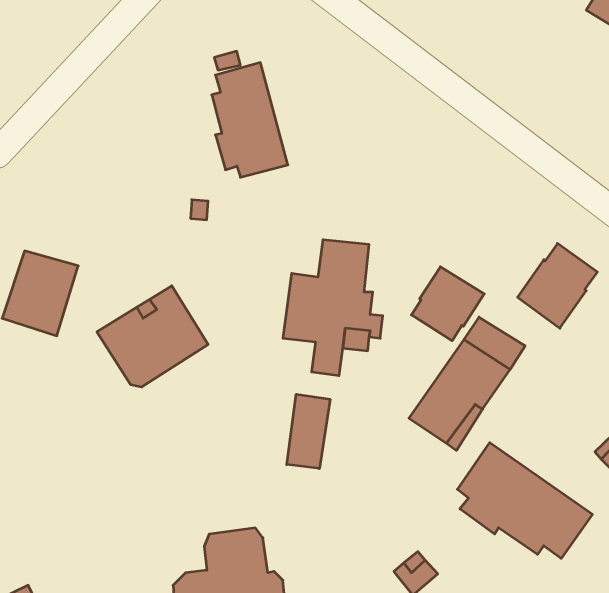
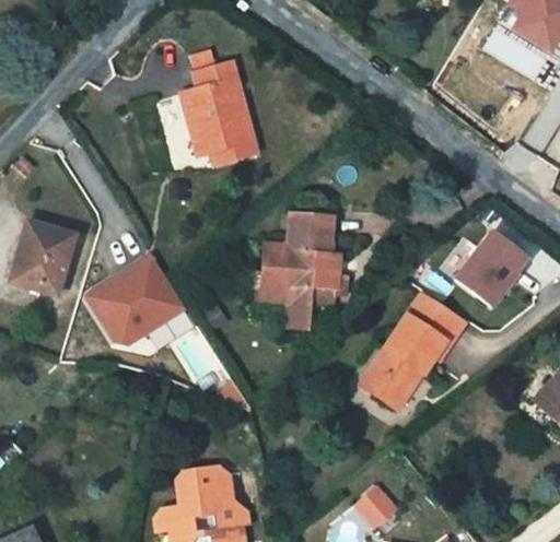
building: [411,267,484,341] -> none
building: [287,394,330,469] -> none
building: [457,443,592,558] -> none

